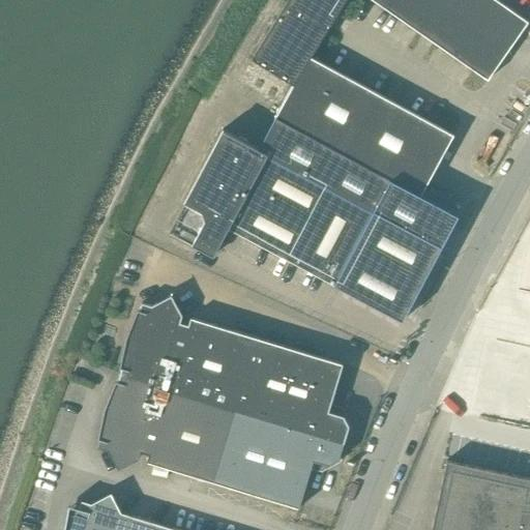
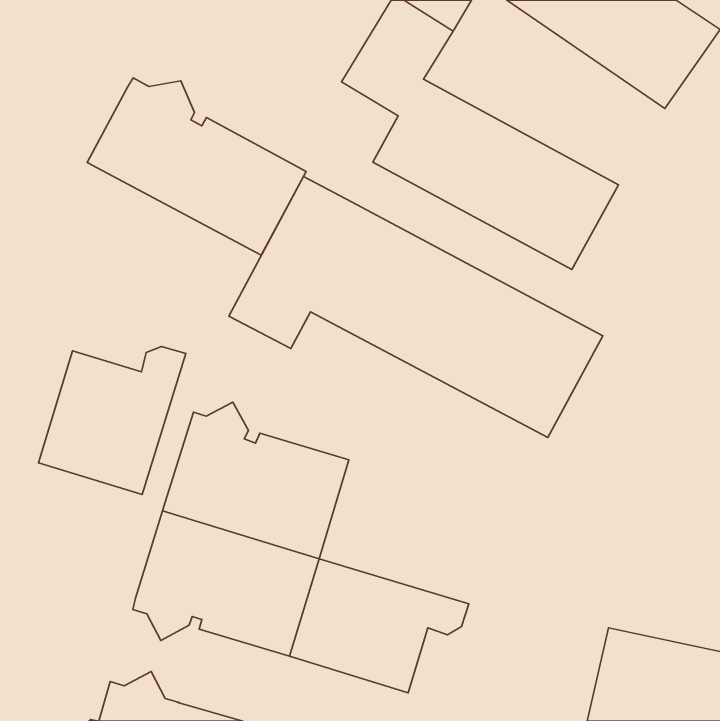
building: none -> [87,78,306,255]
building: [259,119,458,246] -> none
building: none -> [39,346,186,495]
building: [235,337,350,443] -> none

